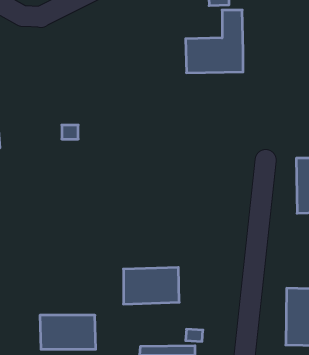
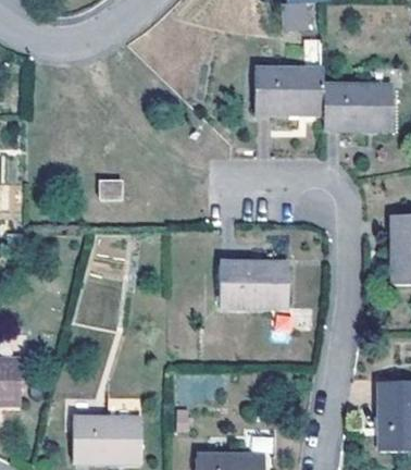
building: none -> [325,71,399,131]
building: [123,267,179,304] -> [217,260,287,306]

